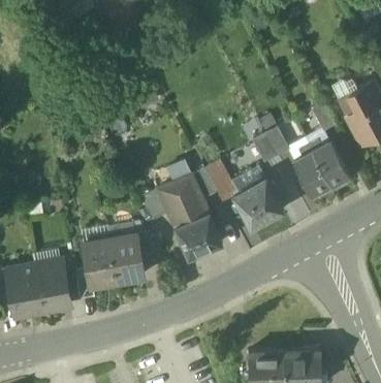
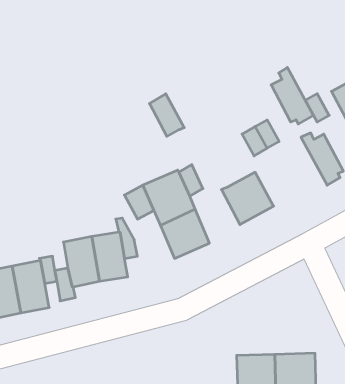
building: [292,145,332,198] -> [271,67,314,124]
building: [204,160,237,200] -> [149,94,184,136]

